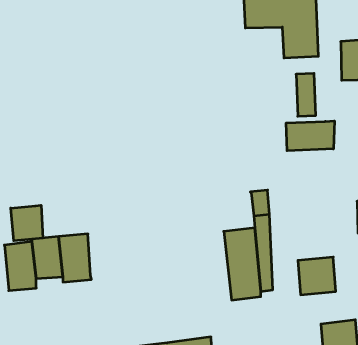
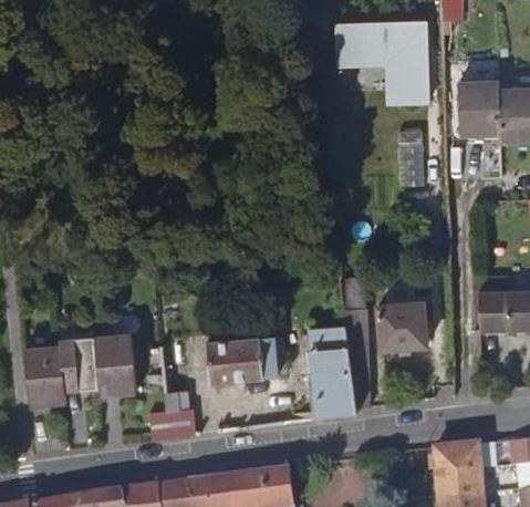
building: [286,121,334,151] -> none
building: [11,205,43,241] -> none
building: none -> [206,334,285,384]
building: [298,257,336,295] -> [377,302,426,351]
building: none -> [149,408,194,441]

